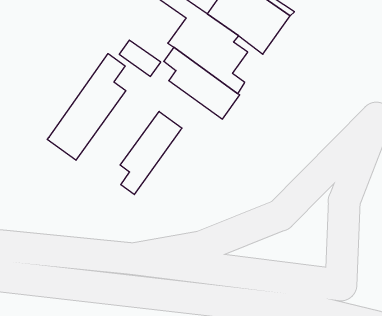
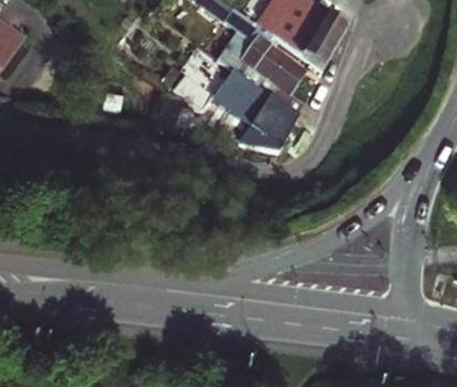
building: [47,54,126,160] -> none
building: [120,111,182,195] -> none

